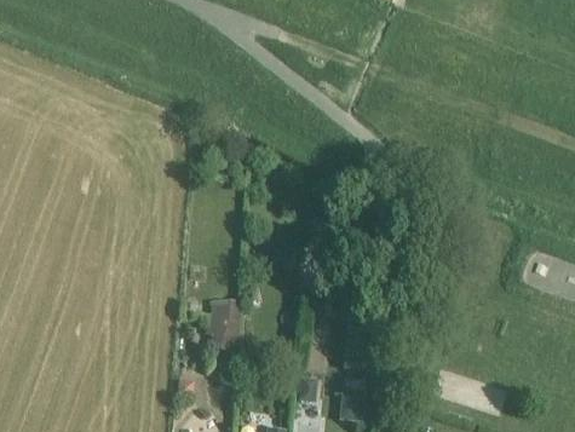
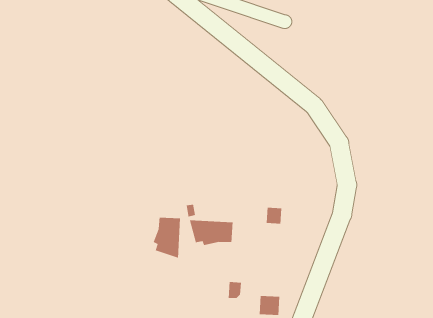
building: none -> [189,220,233,246]

